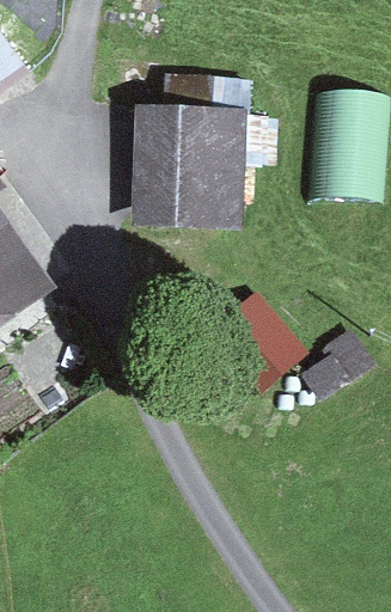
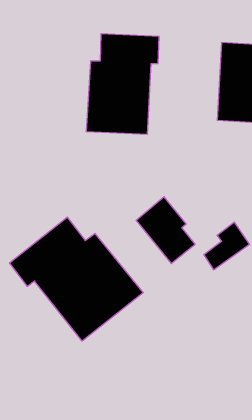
building: none -> [10,217,143,341]

